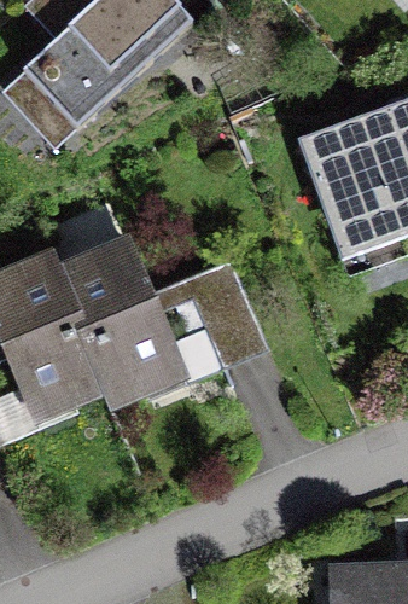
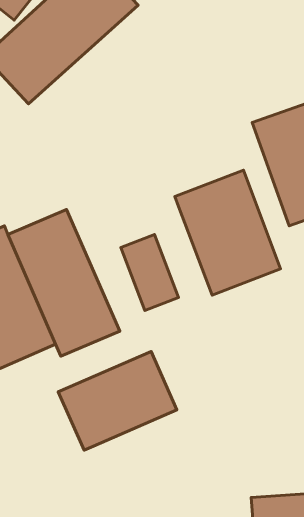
building: none -> [175,170,281,295]
building: none -> [58,352,177,450]

